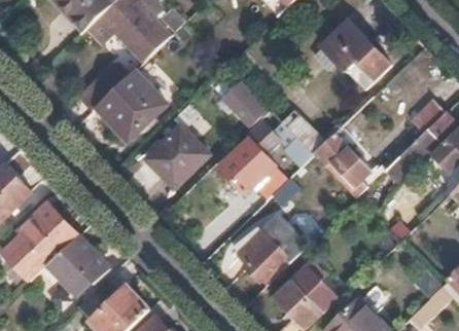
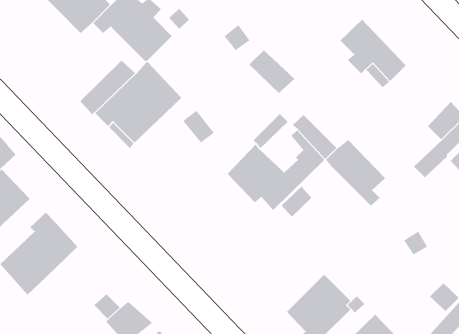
building: [221,81,266,123] -> [249,49,295,94]
building: [145,126,208,189] -> none
building: [236,213,309,285] -> none
building: [47,235,109,293] -> none

